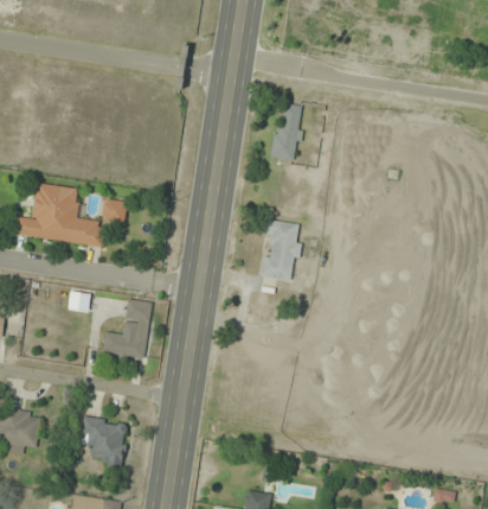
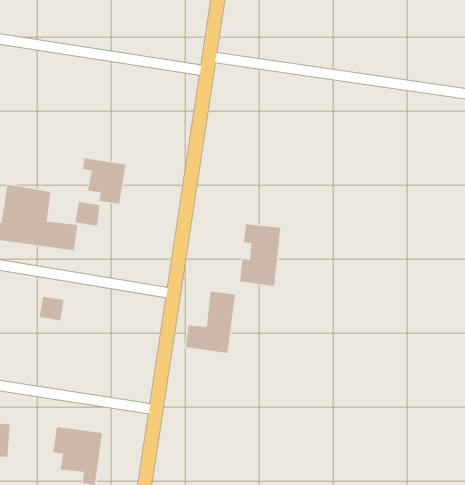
building: [271,104,303,160] -> none
building: none -> [83,158,126,205]
building: [102,299,150,360] -> [185,291,236,353]

